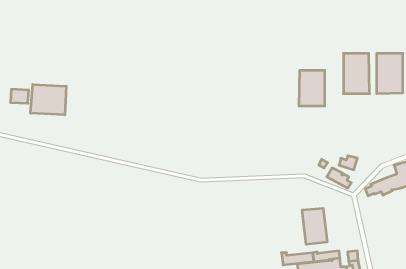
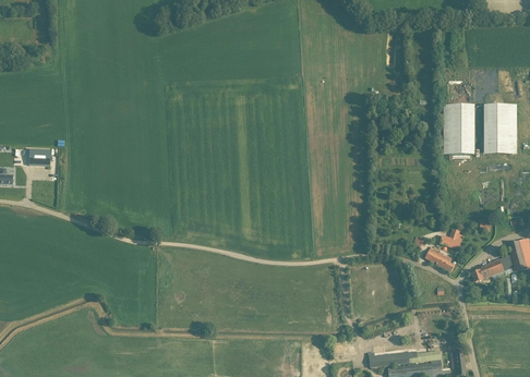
building: [299,70,325,106] -> none
building: [31,84,66,115] -> none
building: [302,208,327,244] -> none

